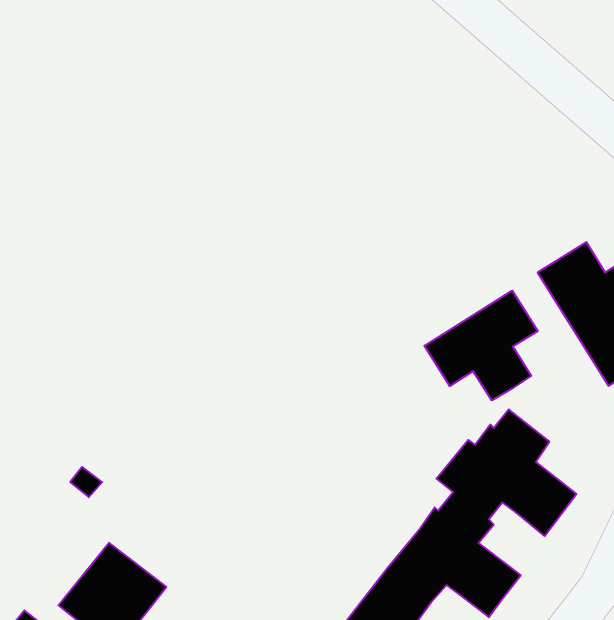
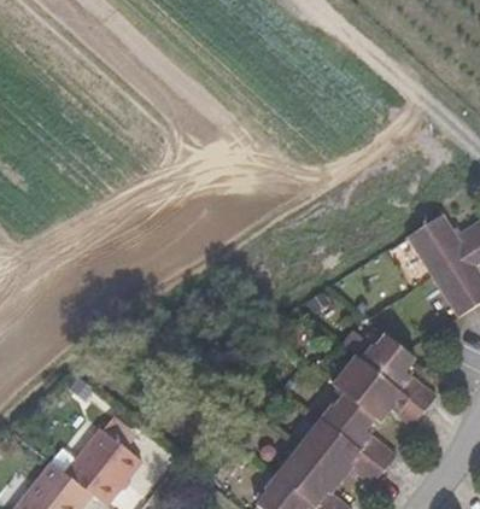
building: [424,291,538,400] -> none

